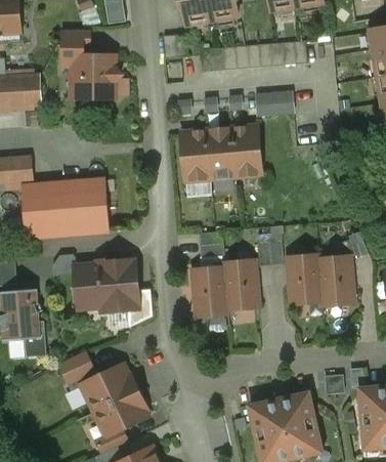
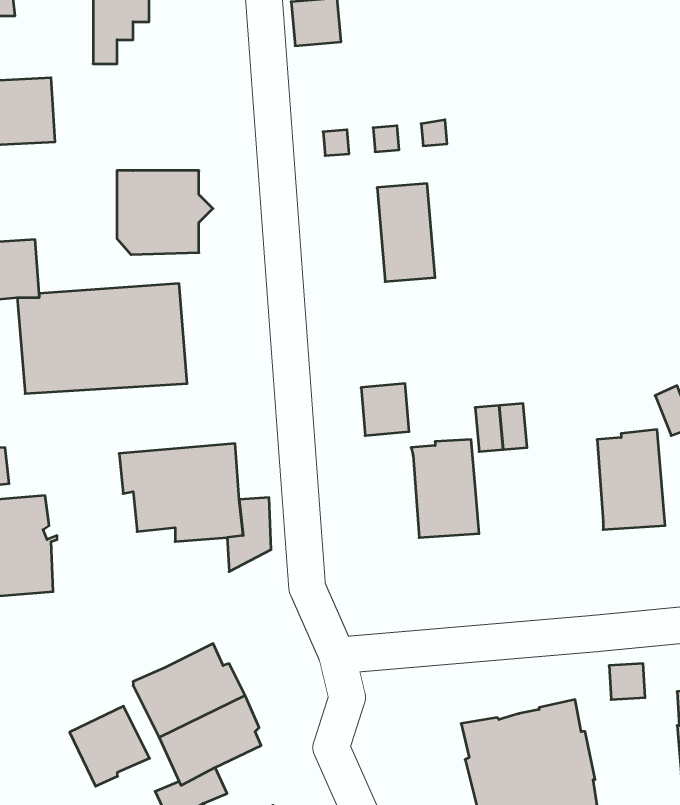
building: [199,40,306,71] -> none
building: [73,54,122,97] -> [117,171,213,255]
building: [256,92,294,115] -> none
building: [231,125,262,176] -> none
building: [181,130,210,180] -> none
building: [286,255,321,304] -> none
building: [190,266,228,318] -> none
building: [56,349,97,390] -> [70,706,150,786]

